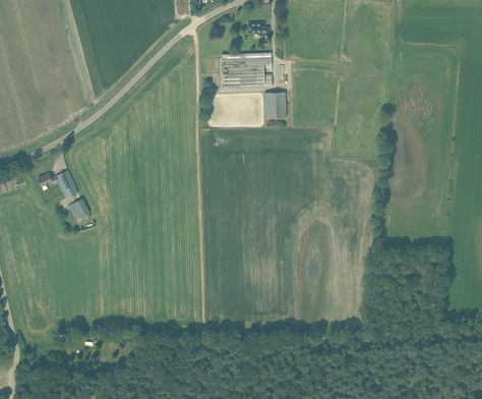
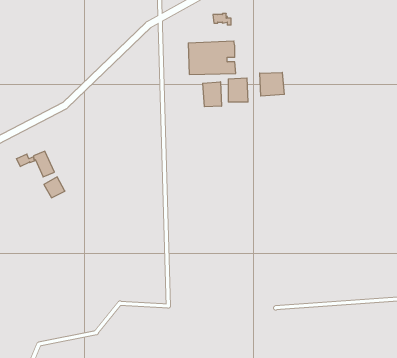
building: none -> [260,72,284,96]
building: none -> [203,82,221,107]

